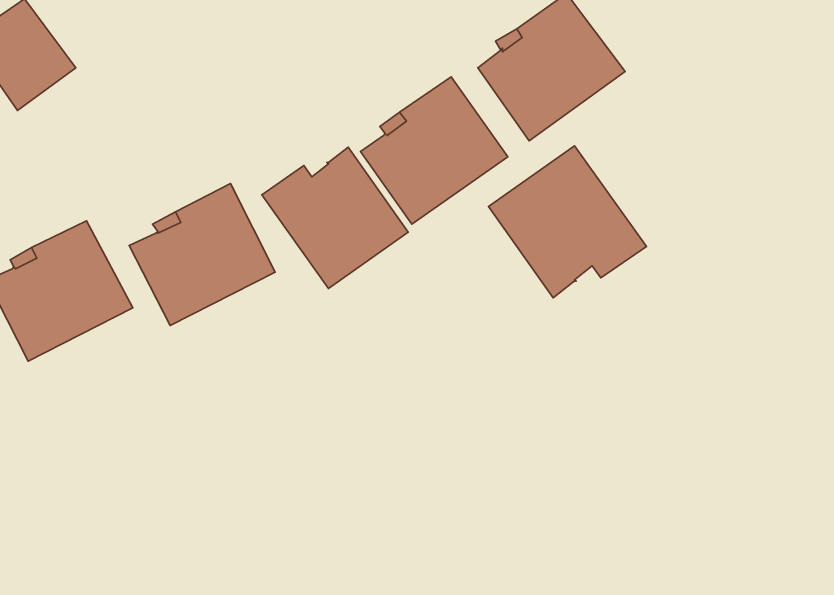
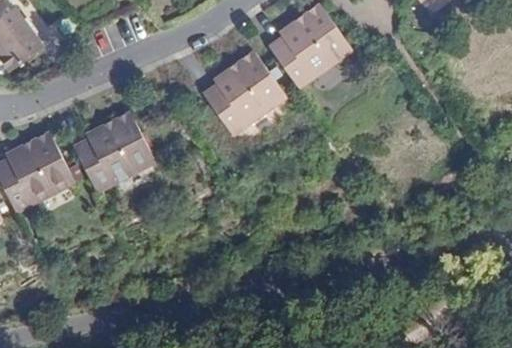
building: [489,146,646,298] -> none
building: [262,147,408,288] -> none

